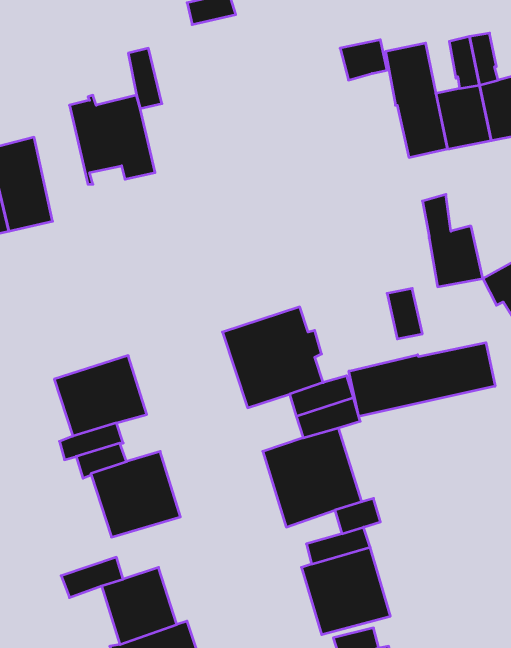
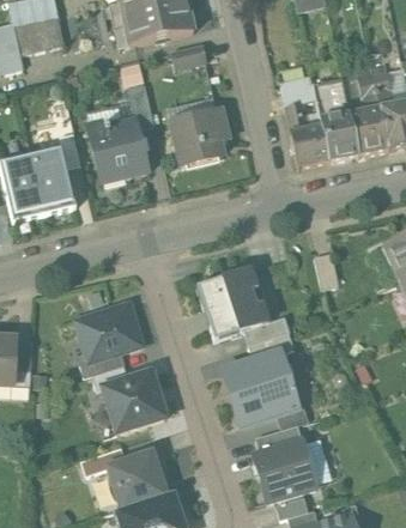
building: none -> [170,108,228,163]
building: [422,194,483,287] -> [286,101,329,166]
building: [349,343,495,416] -> none

